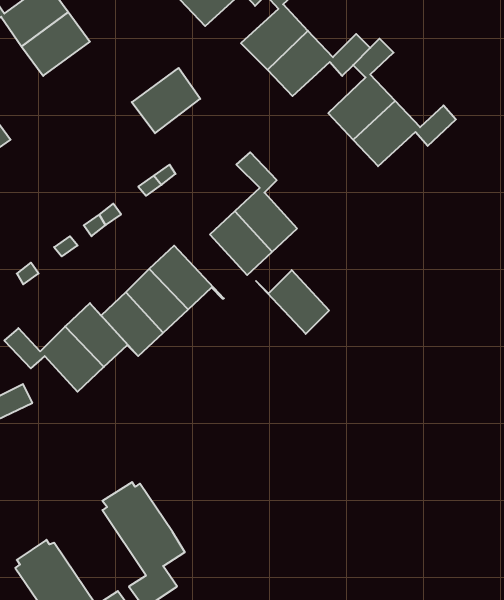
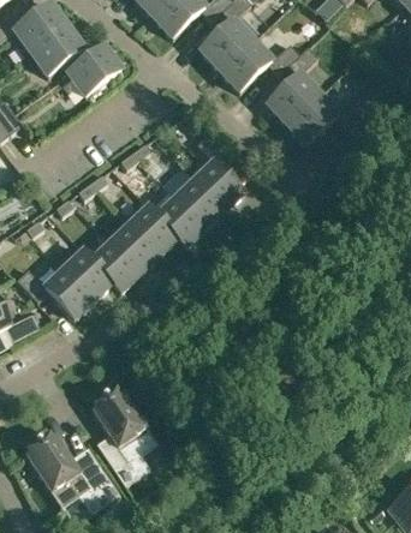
building: [132,68,200,133] -> [67,44,120,95]
building: [256,270,329,334] -> [148,196,204,245]

